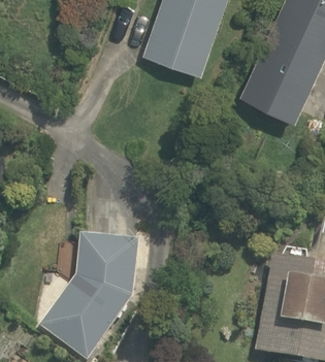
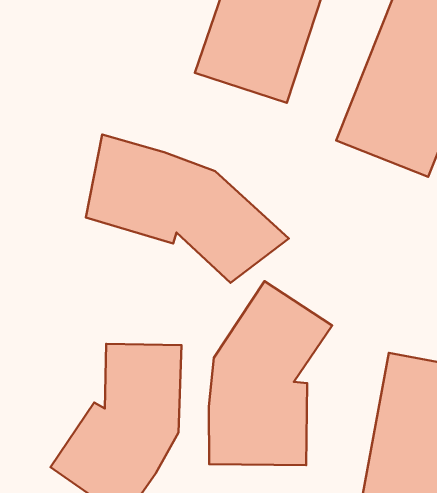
building: none -> [86,135,289,283]
building: none -> [209,281,332,465]

